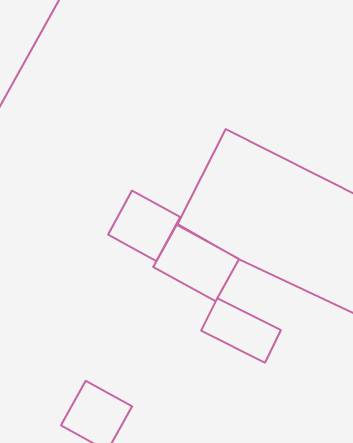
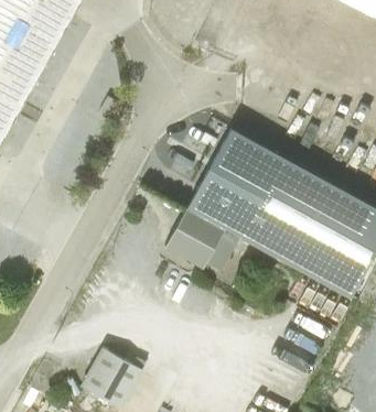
building: [108,191,180,261] -> none
building: [201,298,281,363] -> none

